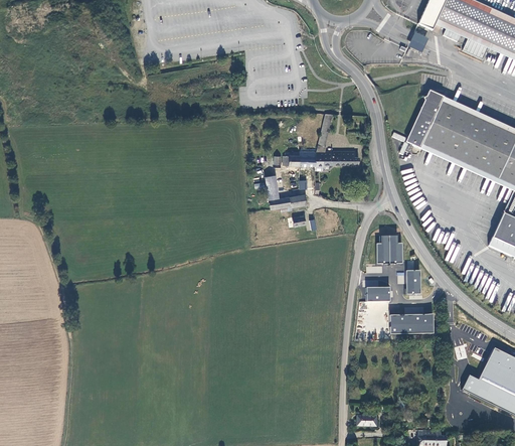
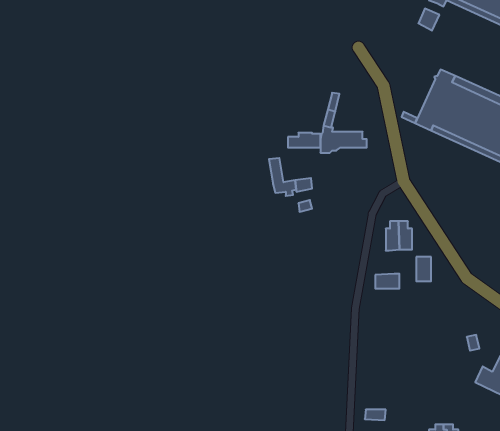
building: [390,313,434,332] -> none

